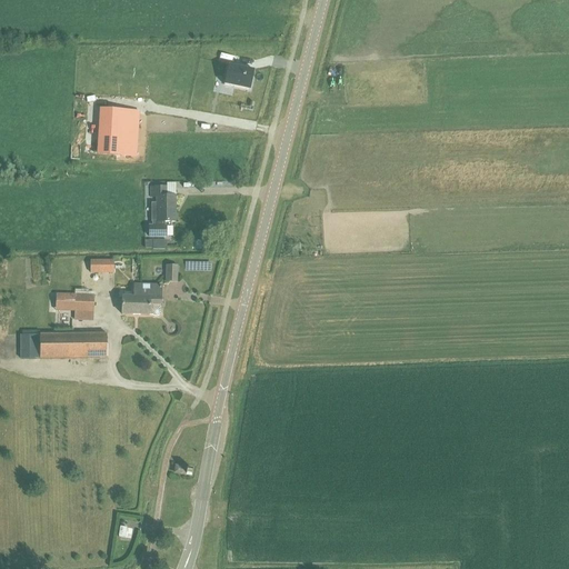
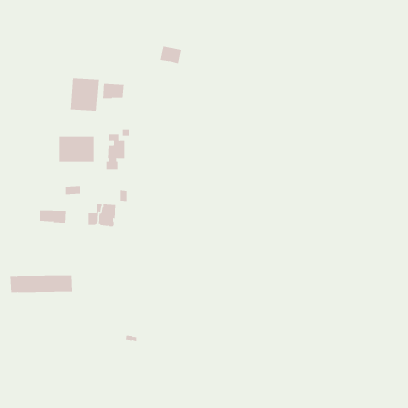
building: none -> [102,83,124,99]
building: none -> [59,136,94,163]
building: [19,332,107,357] -> [10,275,73,293]

